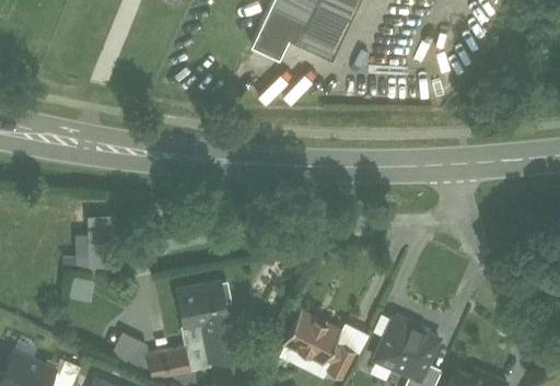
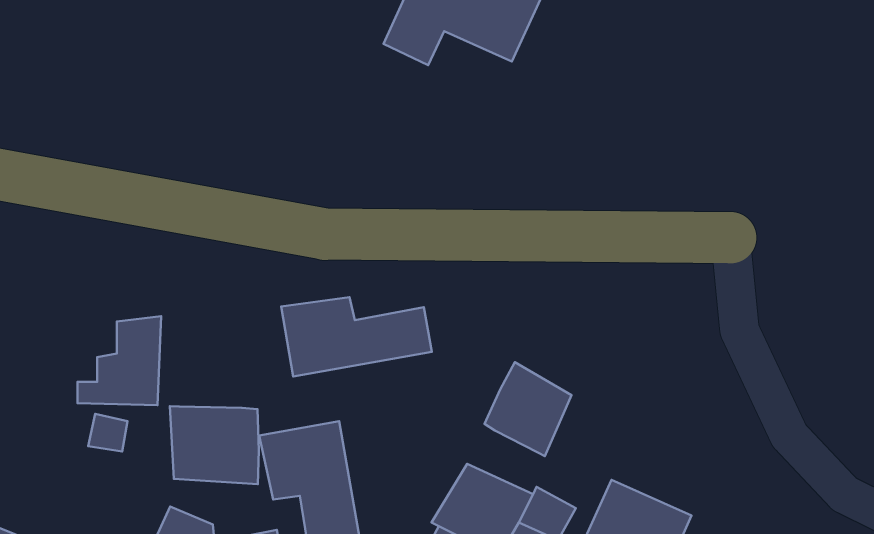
building: none -> [281,297,432,376]
building: none -> [484,362,571,456]
building: none -> [170,406,259,484]

